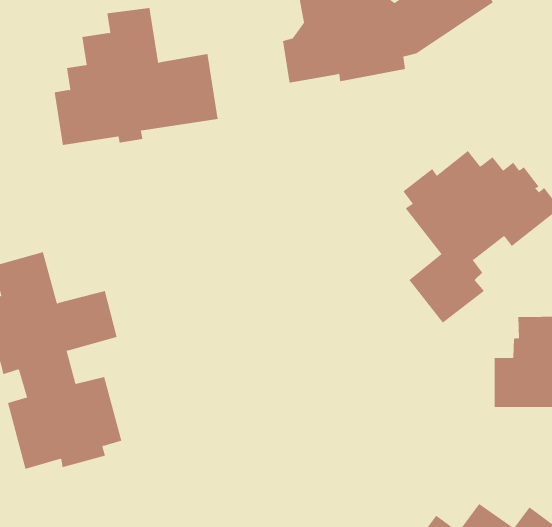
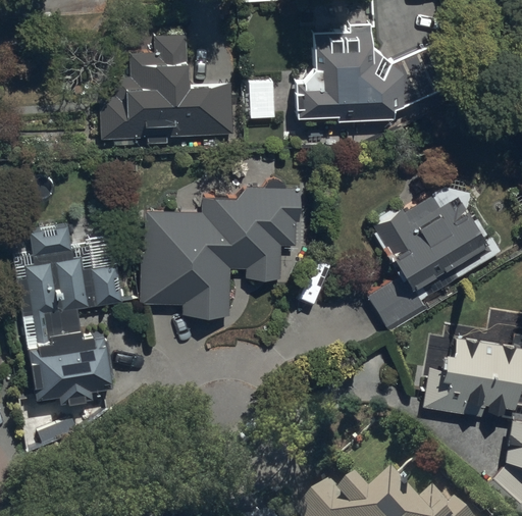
building: none -> [142,188,300,316]

